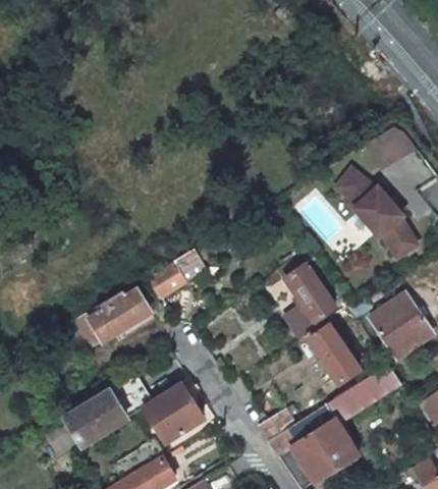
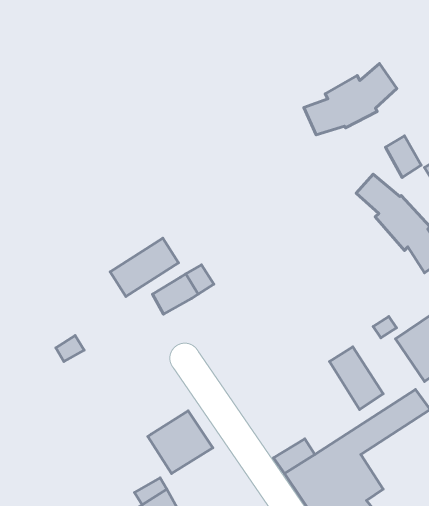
building: none -> [304,63,397,135]
building: [281,252,335,330] -> none
building: [89,288,151,341] -> [110,238,179,297]
building: [65,376,149,445] -> none

